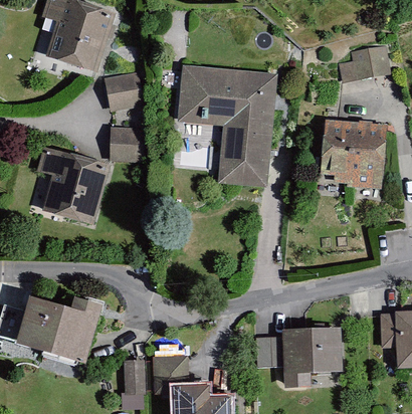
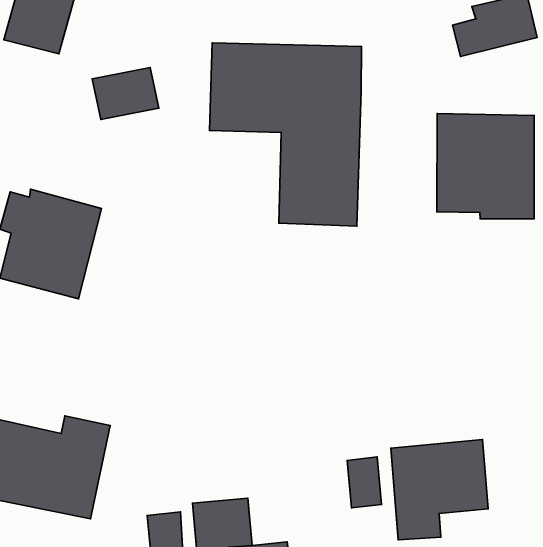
building: [110,130,145,162] -> none

